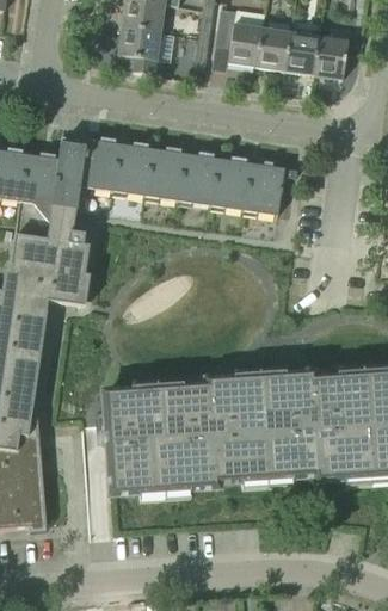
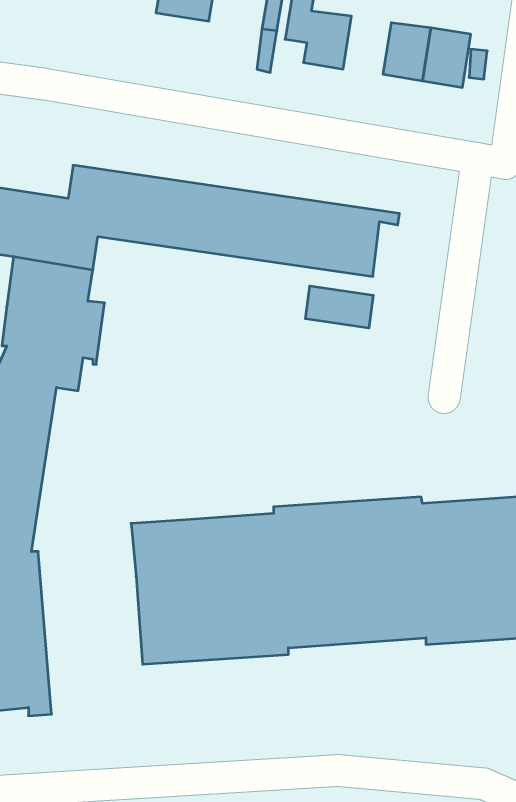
building: [119,24,165,74] -> none
building: [258,26,292,68] -> none
building: none -> [305,286,373,328]

